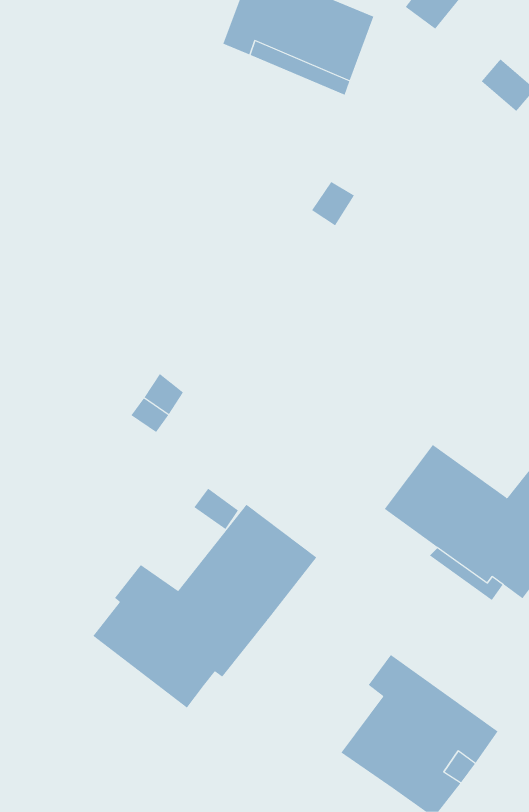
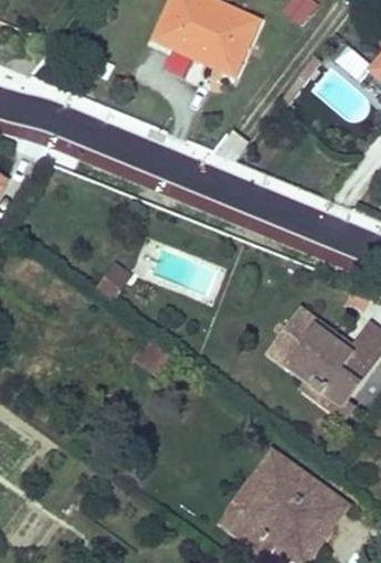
building: [92,504,317,708] -> none
building: none -> [221,472,274,554]

